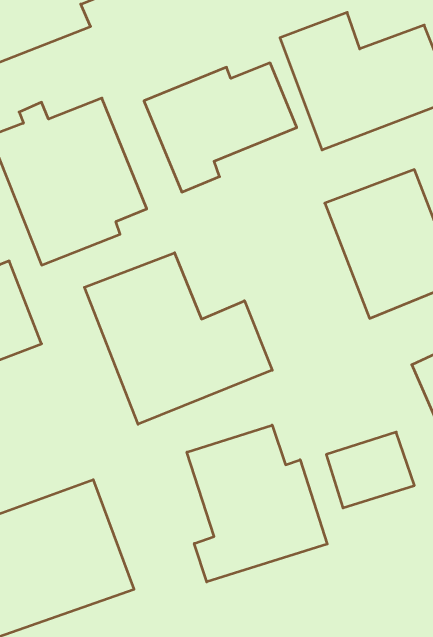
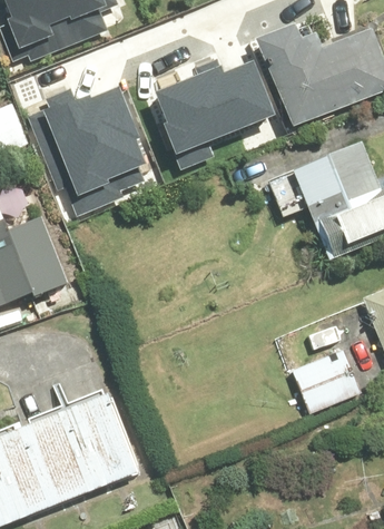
building: [84,253,272,424] -> none
building: [187,425,327,582] -> none

